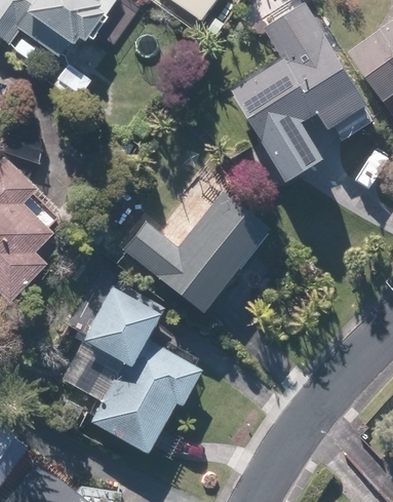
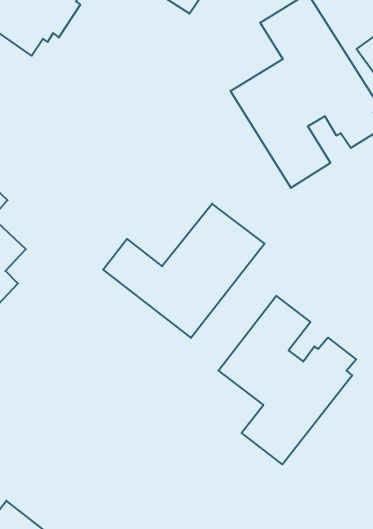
building: none -> [218,296,356,464]
building: [61,287,200,453] -> none

